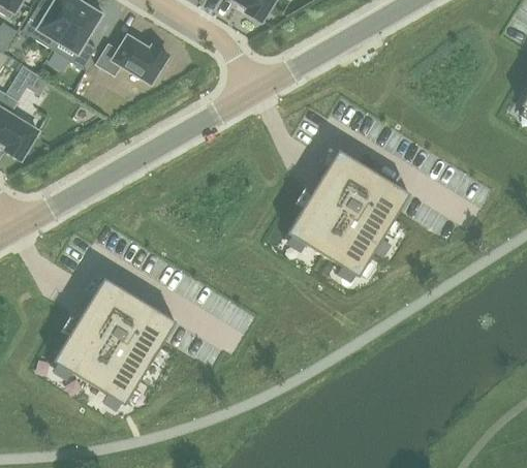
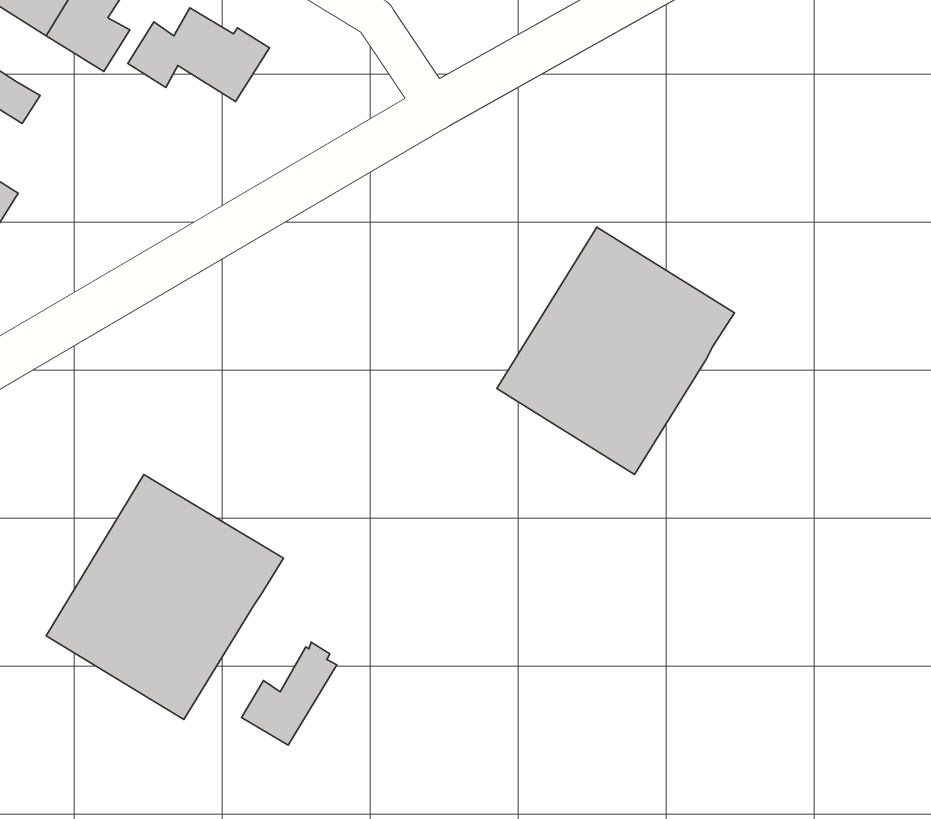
building: none -> [241,642,337,745]

